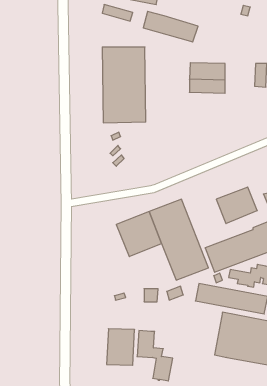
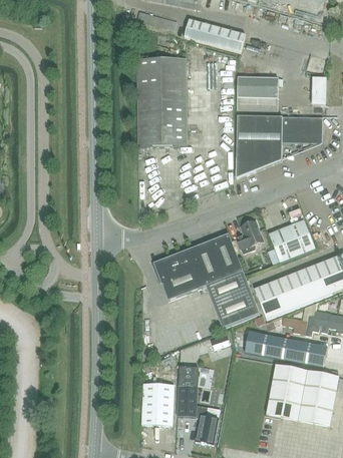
building: none -> [236,115,322,177]
building: none -> [236,219,263,253]
building: none -> [179,365,197,386]

